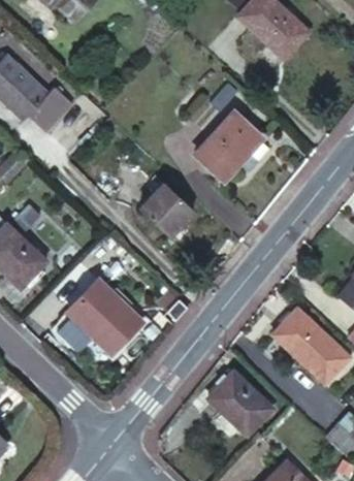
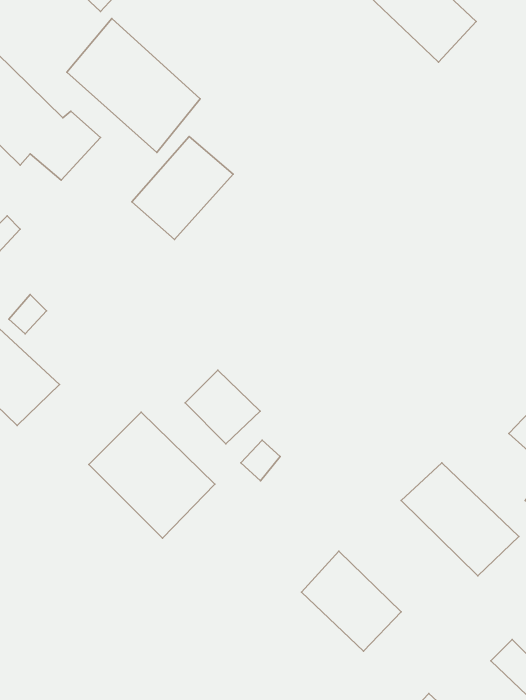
building: none -> [67,18,200,152]
building: [195,111,259,177] -> [132,136,233,240]
building: [147,186,194,232] -> [185,370,260,444]

